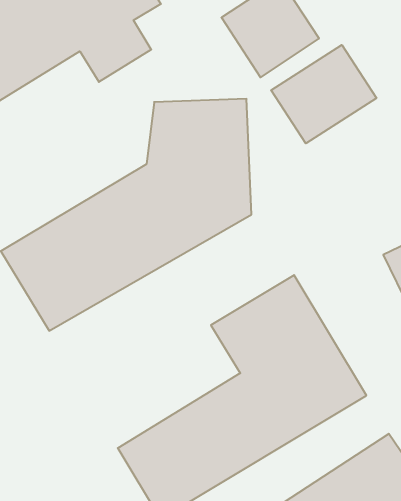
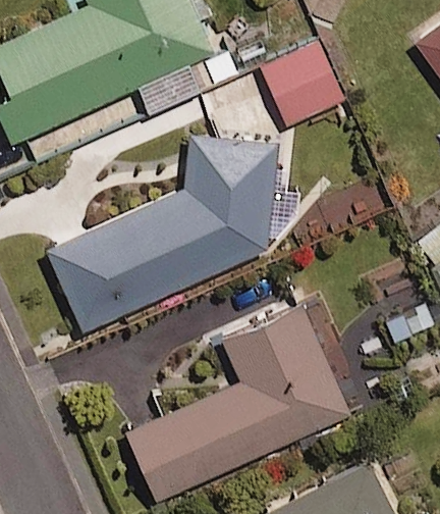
building: [271,45,376,143] -> none

